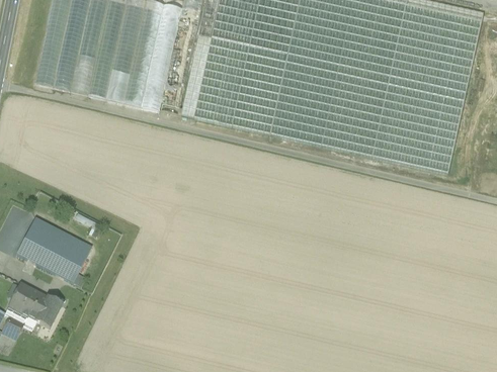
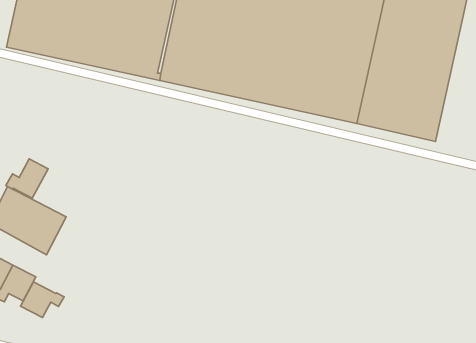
building: none -> [6,159,48,198]
building: none -> [20,282,64,318]

